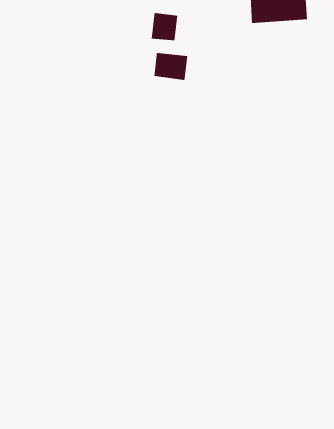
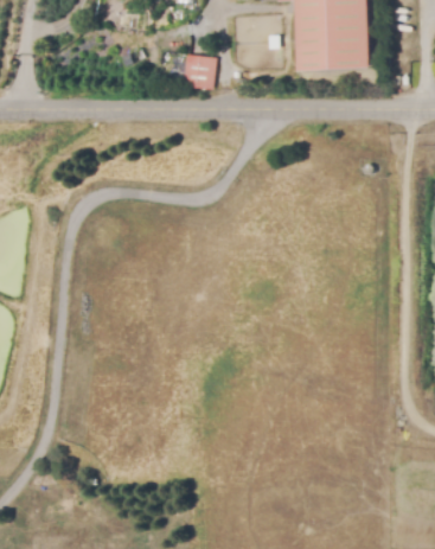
building: [154,52,188,81] -> none

